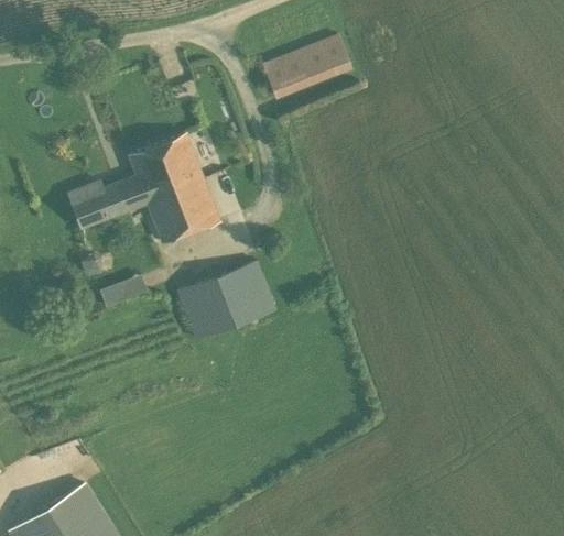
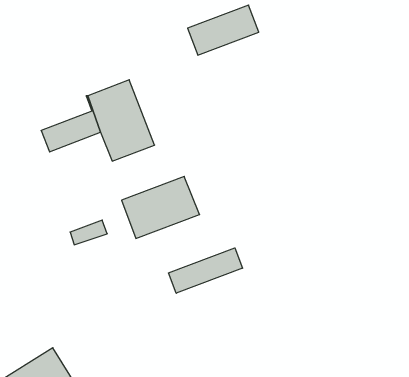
building: [101,273,150,305] -> [70,220,107,245]
building: none -> [169,248,243,293]

